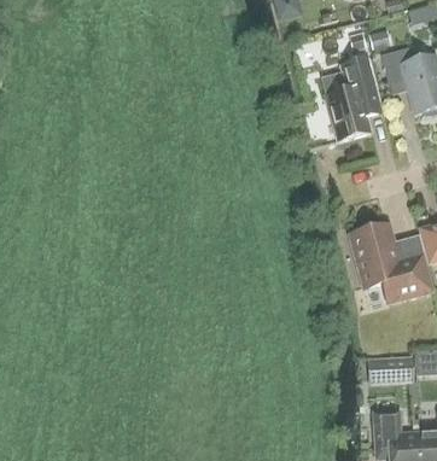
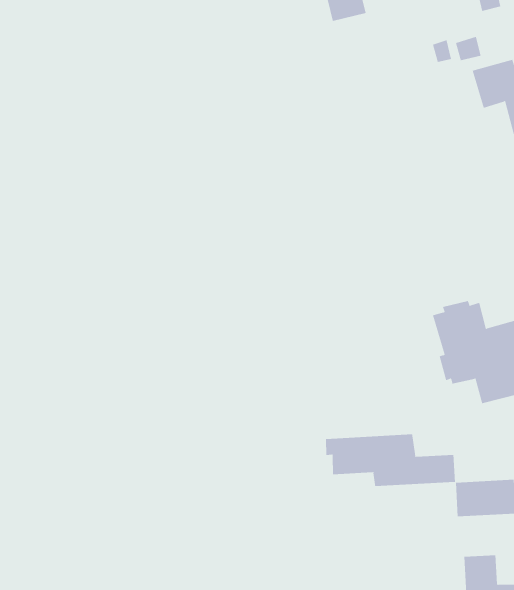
building: [325,58,378,141] -> none
building: none -> [326,434,456,487]

